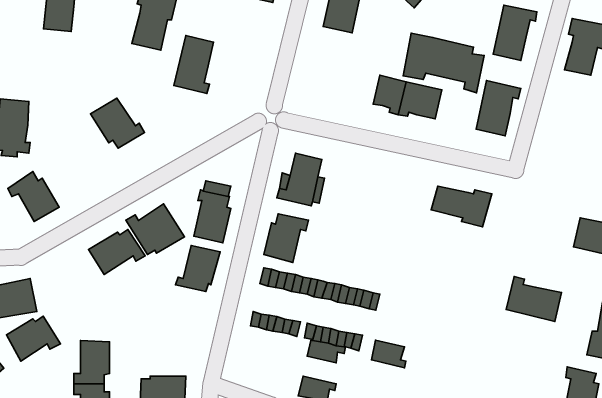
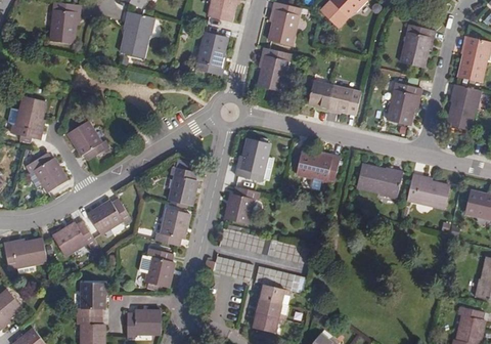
building: [403,33,484,93] -> none
building: none -> [259,46,289,91]
building: [174,35,213,94] -> [195,32,226,77]
building: none -> [446,82,479,127]
building: [91,98,145,148] -> [65,120,107,159]
building: none -> [296,149,340,187]
building: [126,204,184,255] -> none
building: [506,277,562,321] -> [404,172,447,207]
building: none -> [144,249,174,287]
building: [6,316,60,361] -> [53,219,95,254]
building: [371,340,406,368] -> [254,296,280,317]

